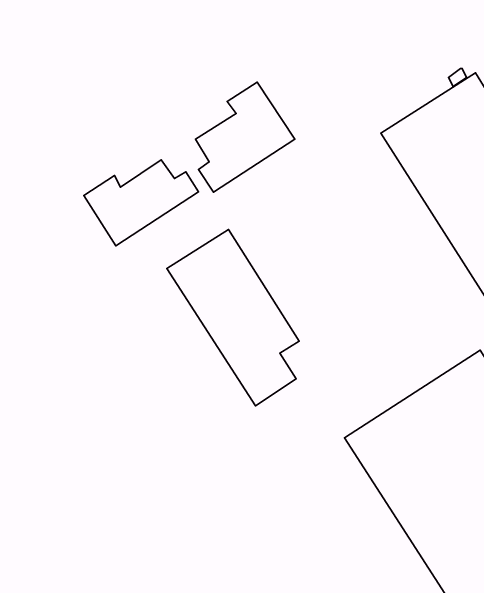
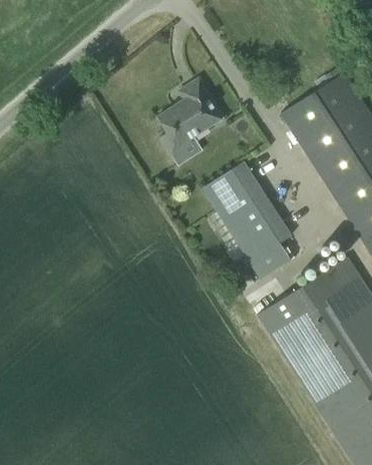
building: [84,160,198,246] -> none
building: [167,229,299,406] -> [205,162,293,280]

